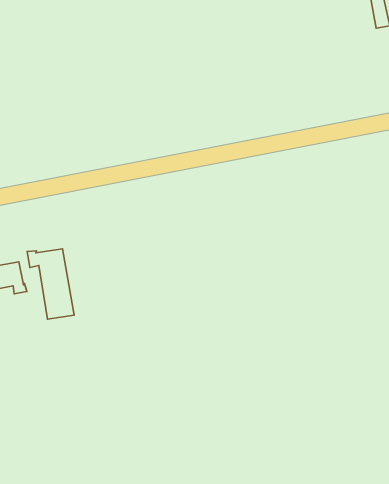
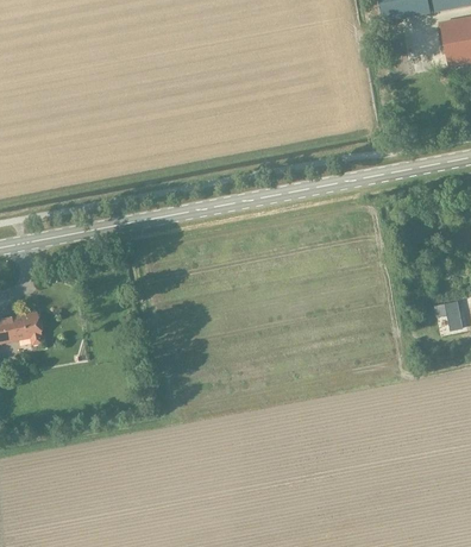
building: [27,249,74,319] -> none

